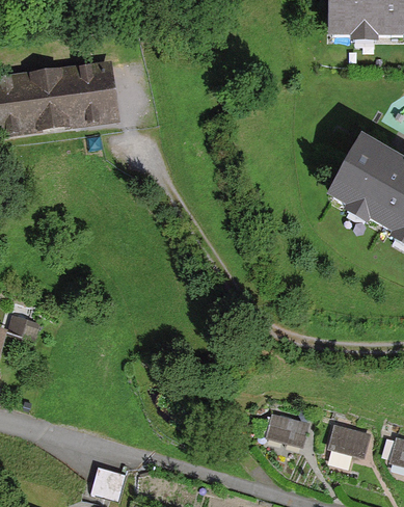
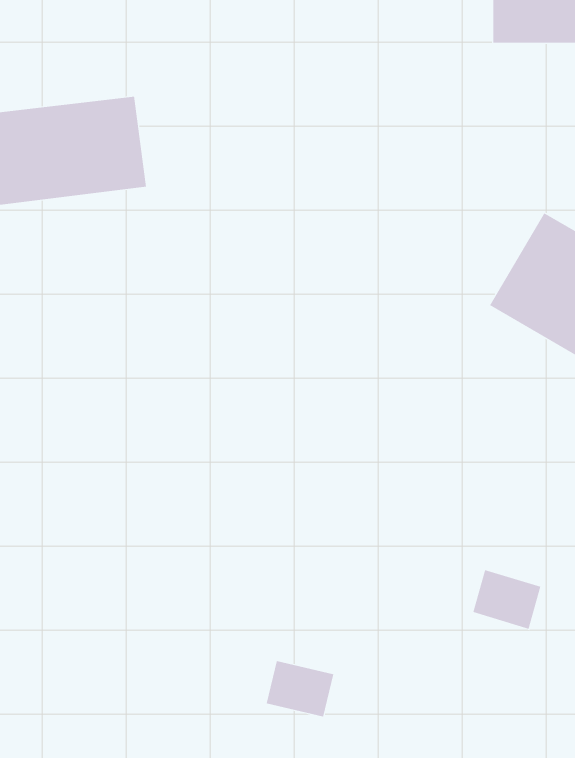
building: [266,415,307,449] -> [266,661,334,717]
building: [327,424,369,460] -> [473,570,541,629]

